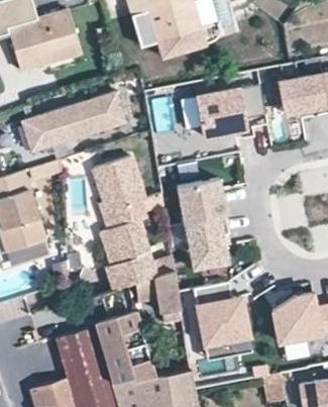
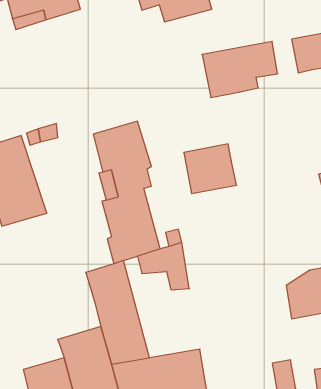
building: [22,94,126,154] -> none
building: [185,215,230,268] -> none
building: [192,283,250,362] -> none
building: [53,324,100,360] -> none

